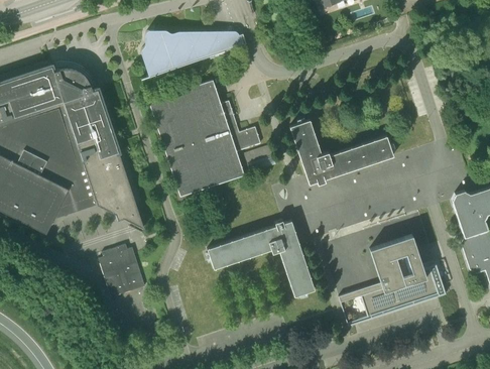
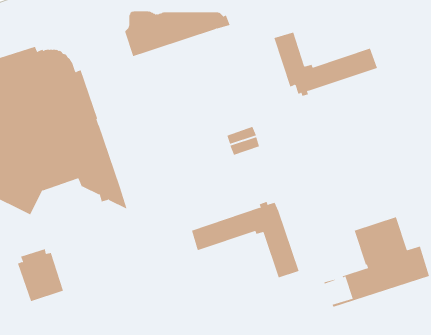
building: [149,80,261,197] -> none
building: [290,120,394,184] -> [274,32,378,96]
building: [99,244,145,297] -> [17,248,64,302]

